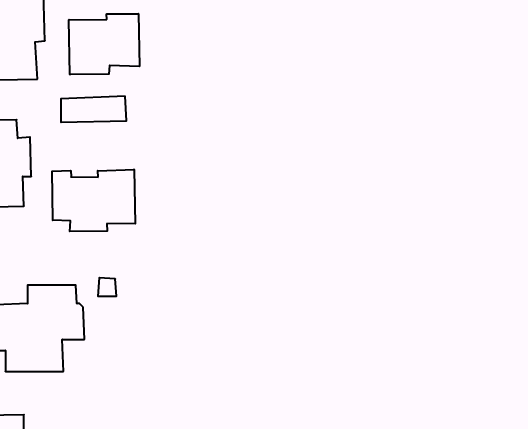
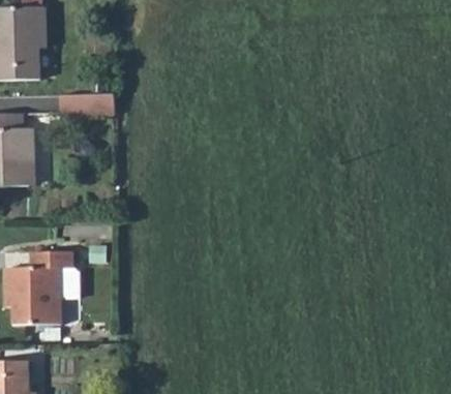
building: [69,14,139,75] -> none
building: [52,169,135,231] -> none

